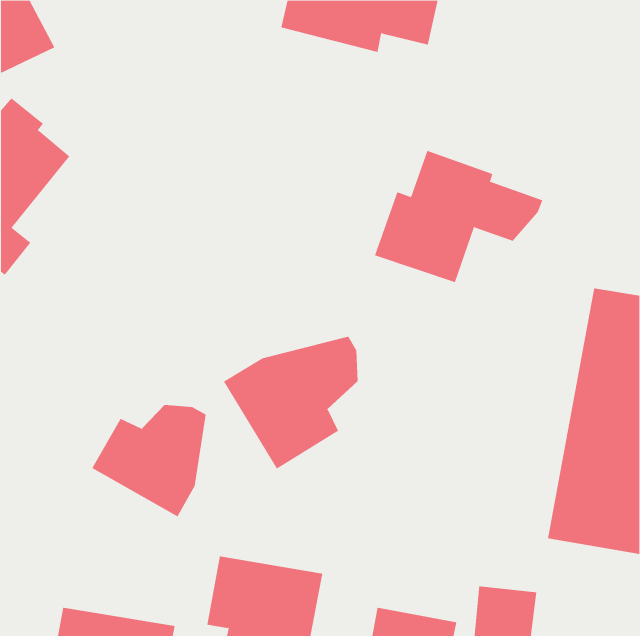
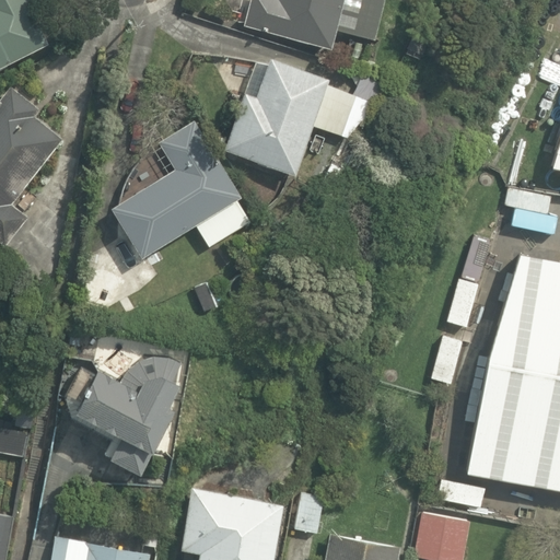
building: none -> [110,121,250,257]
building: [374,150,543,283] -> [224,60,372,176]
building: [223,336,358,469] -> none

